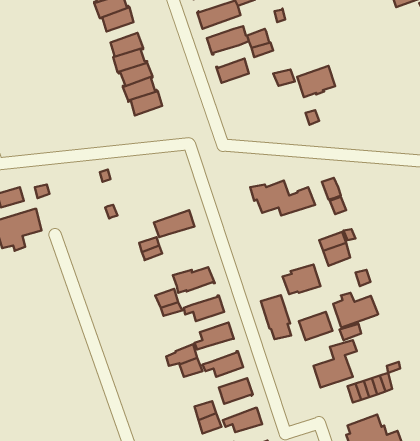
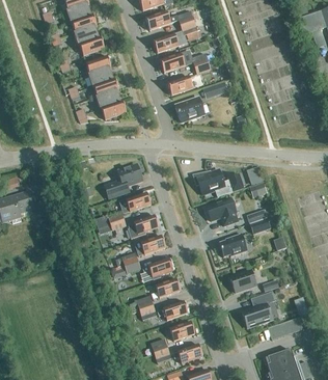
building: [297,66,335,97] -> [175,98,204,121]
building: none -> [104,165,142,198]
building: none -> [207,198,238,225]
building: none -> [128,214,159,239]
building: [333,293,378,327] -> none
building: [261,295,291,339] -> none

